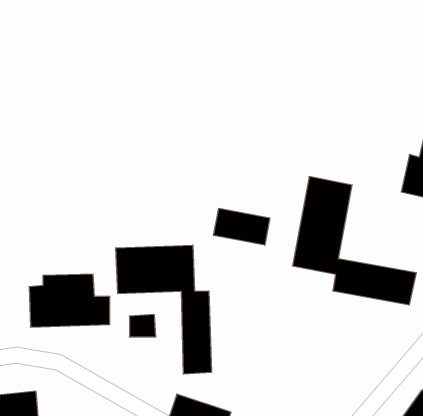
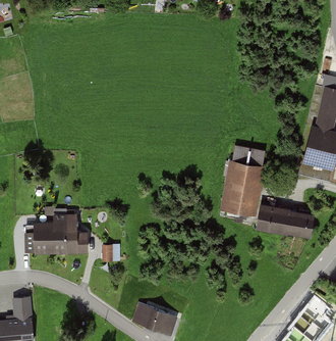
building: [214,208,270,245] -> none
building: [116,245,211,374] -> none

